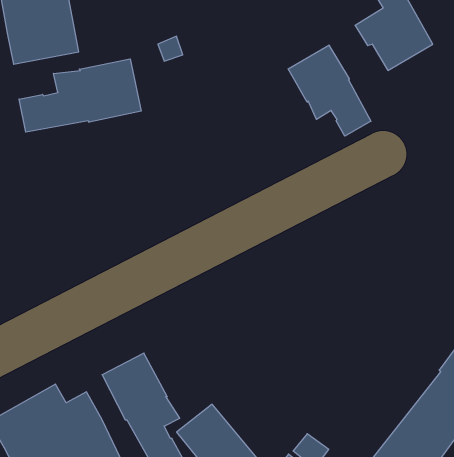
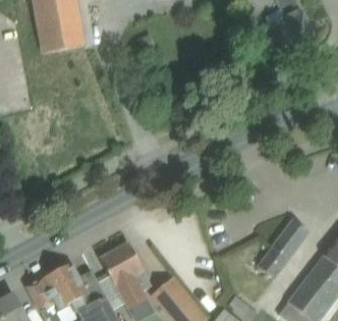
building: [288,45,371,136] -> none
building: [19,59,141,132] -> none
building: none -> [257,217,307,276]

